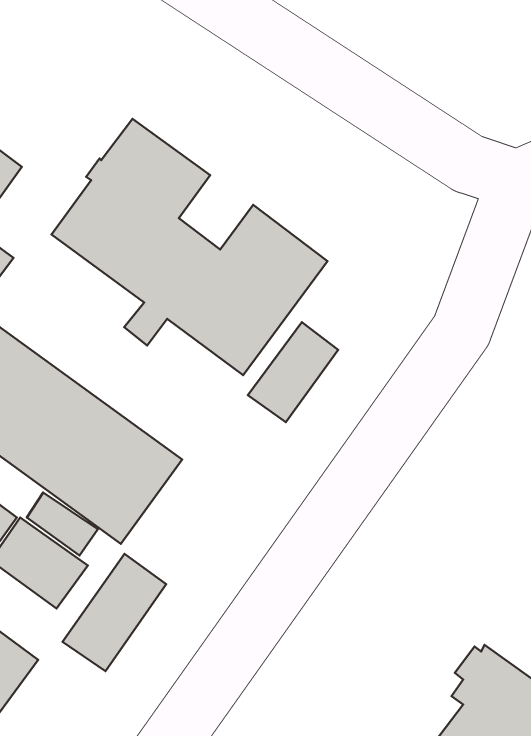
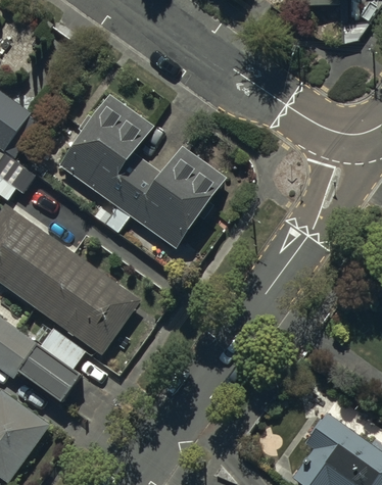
building: [248,322,338,422] -> none
building: [62,554,166,671] -> none

